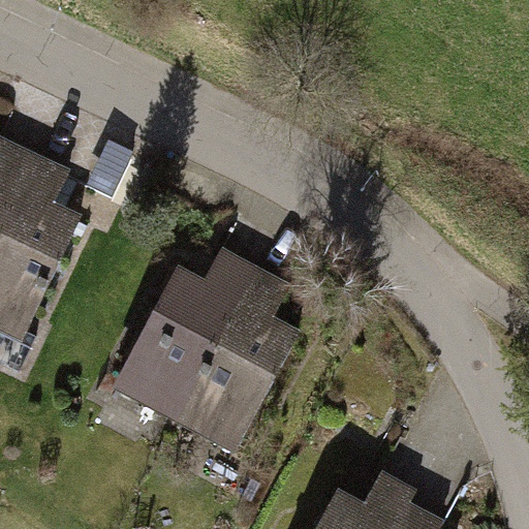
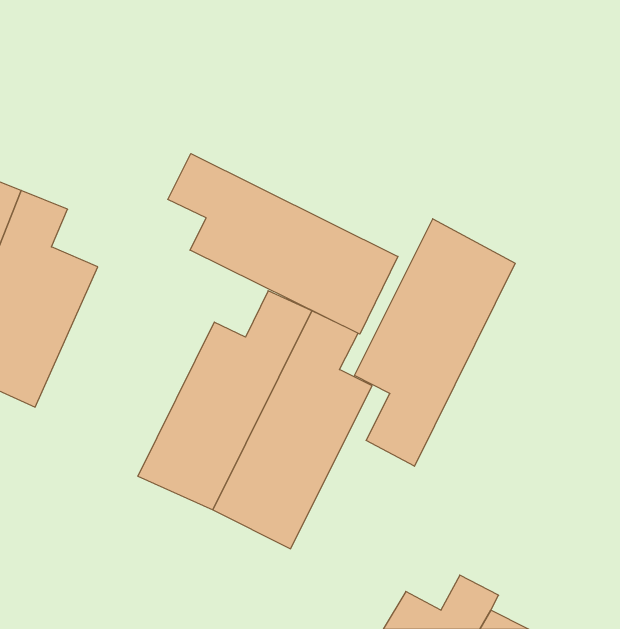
building: none -> [168,154,398,334]
building: none -> [355,219,515,466]

